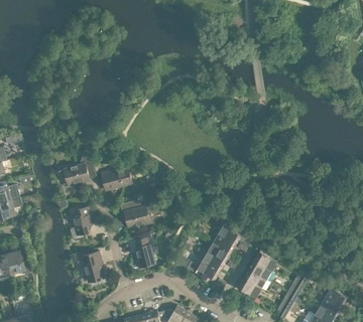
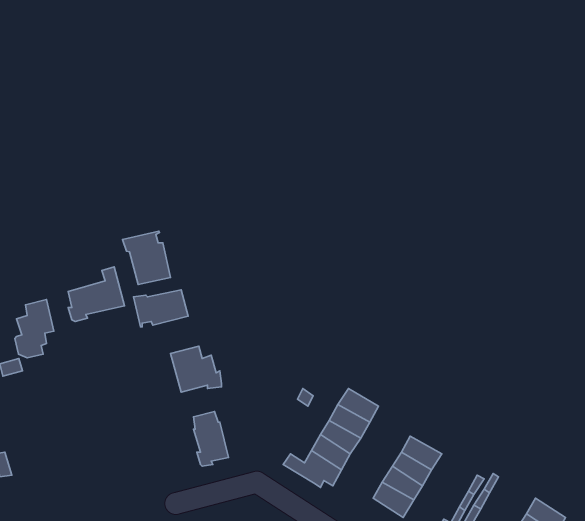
building: none -> [122,231,170,284]
building: [71,206,93,239] -> [15,300,54,358]
building: [82,251,104,282] -> none

